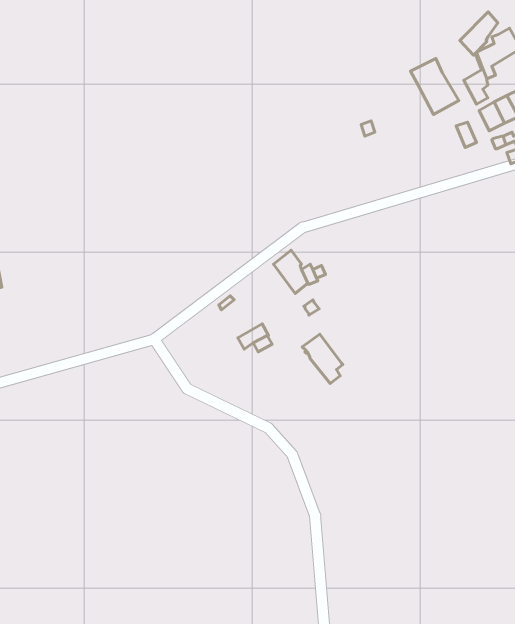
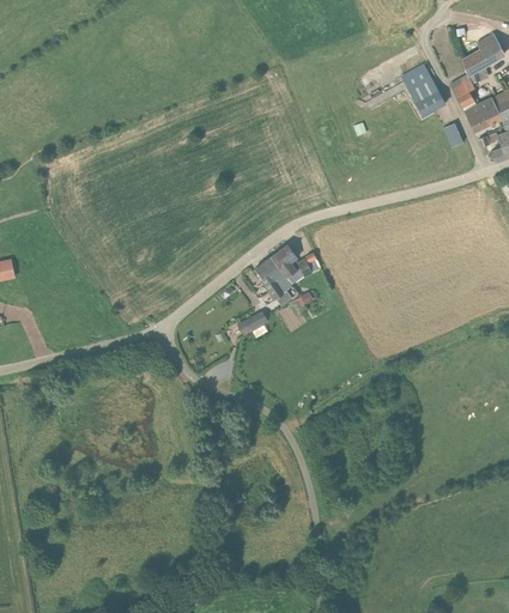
building: [460,12,498,55] -> none
building: [302,334,343,384] -> [254,256,292,303]

